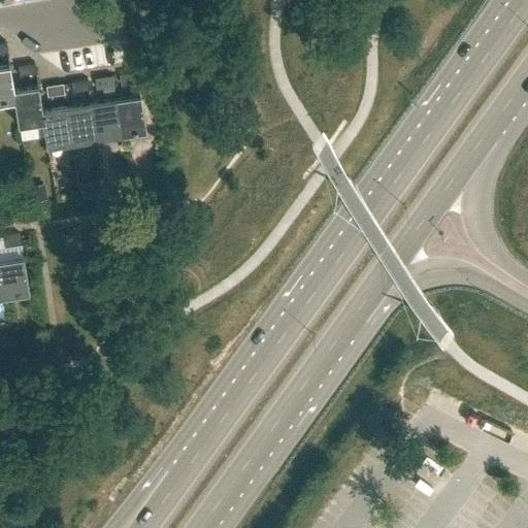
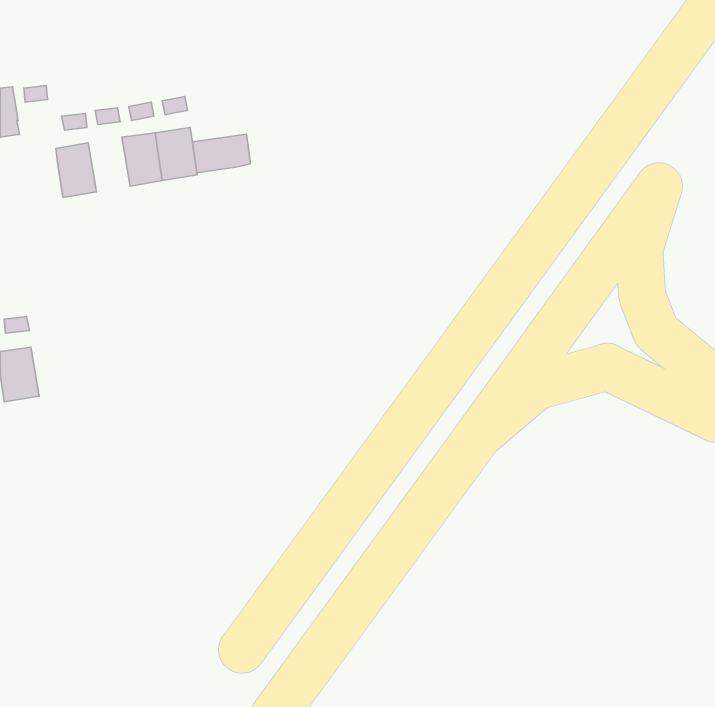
building: [12,91,42,130] -> none
building: none -> [192,134,251,173]
building: [65,107,96,147] -> none

